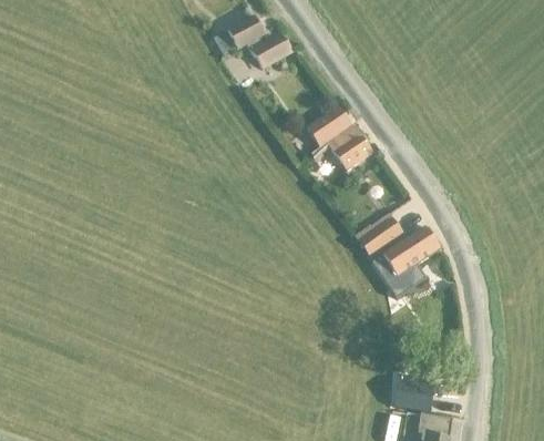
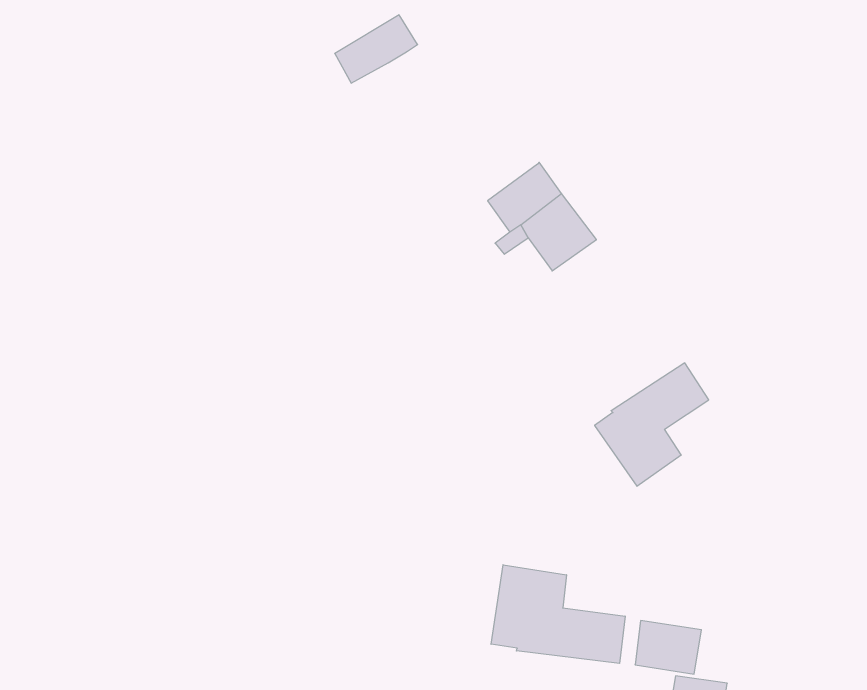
building: [246,30,292,66] -> none
building: [356,211,401,253] -> none
building: none -> [491,565,625,663]

